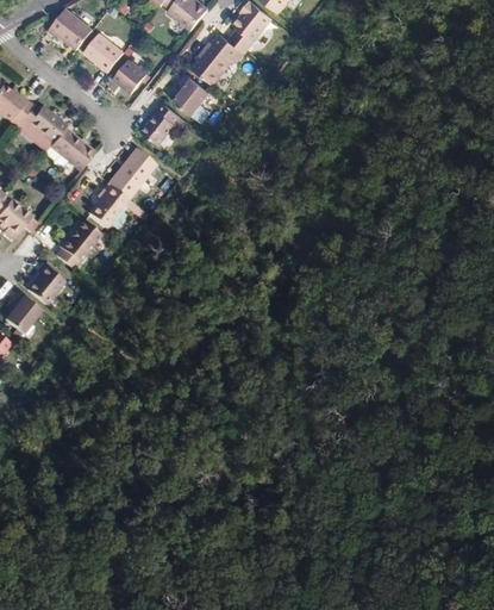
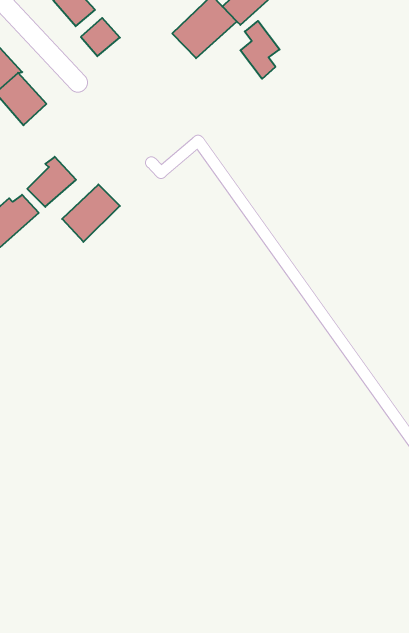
building: [175,76,208,125] -> [240,21,280,79]
building: [142,105,180,149] -> none
building: [107,150,155,201] -> [62,184,120,242]

